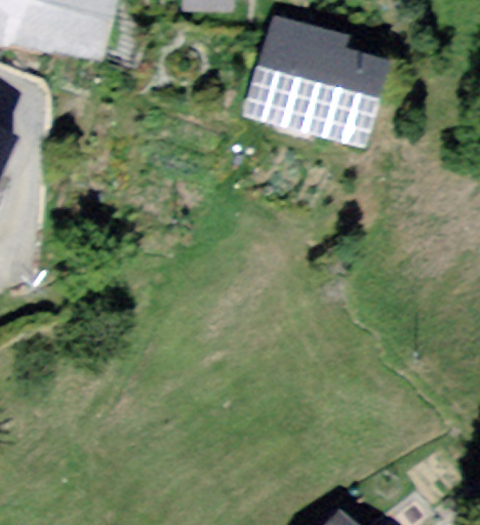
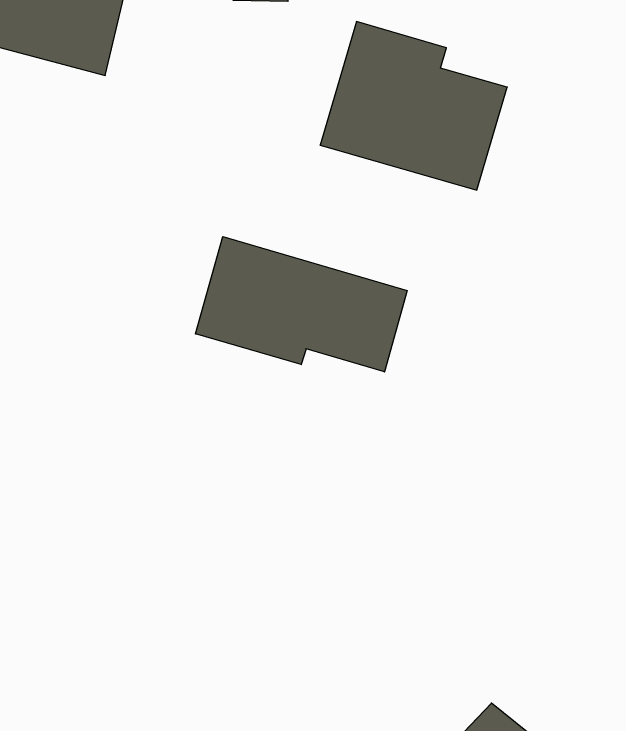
building: none -> [195,237,407,372]

